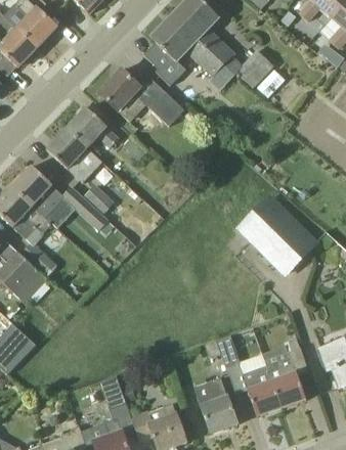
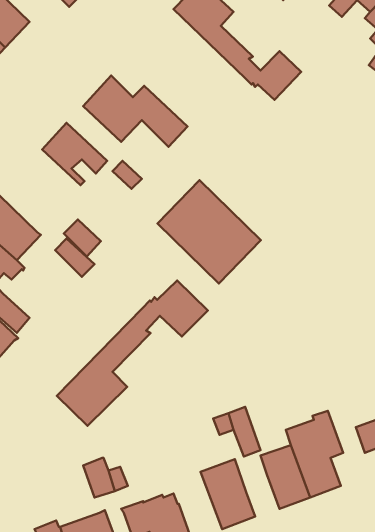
building: [143,15,229,85] -> none
building: [46,128,101,182] -> none
building: [235,194,318,277] -> [158,180,261,284]
building: none -> [57,280,208,426]

